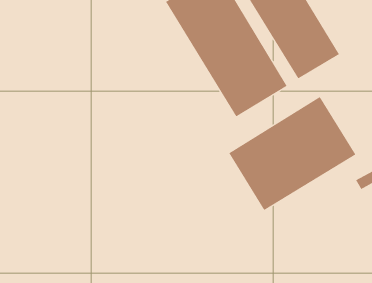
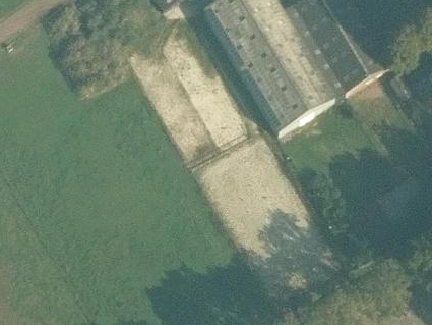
building: [229,96,356,211] -> none

